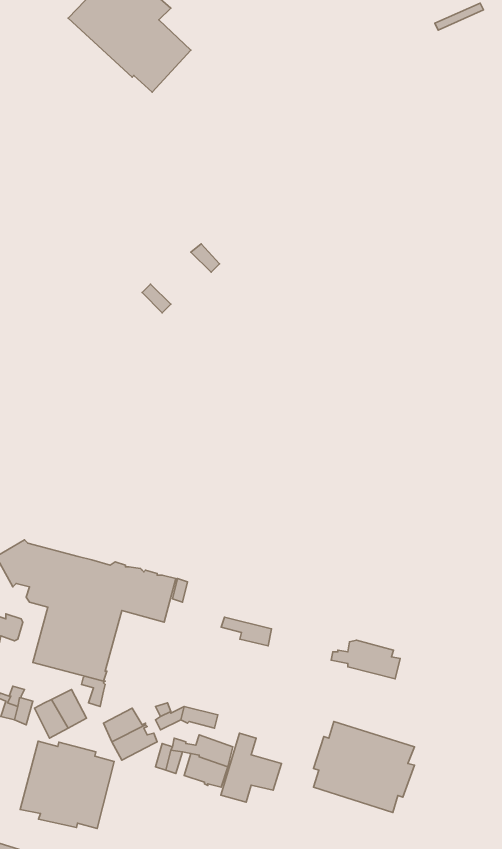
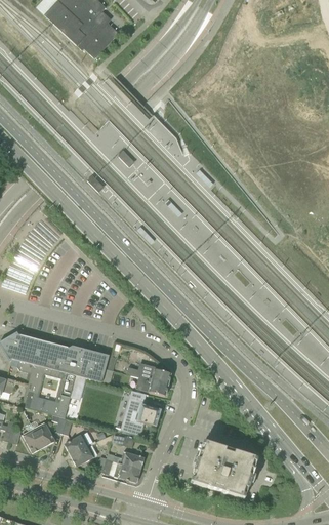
building: [331,640,400,679] -> [129,362,171,386]
building: [221,733,281,802] -> [124,391,161,433]
building: [20,741,114,829] -> none

